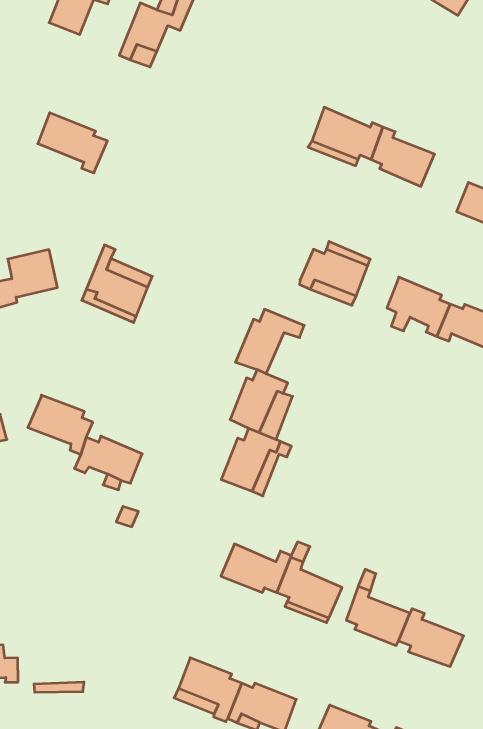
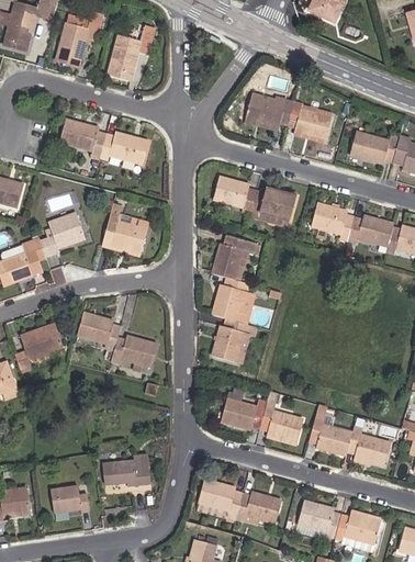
building: none -> [100,133,148,164]
building: none -> [213,178,256,213]
building: none -> [102,453,150,485]

